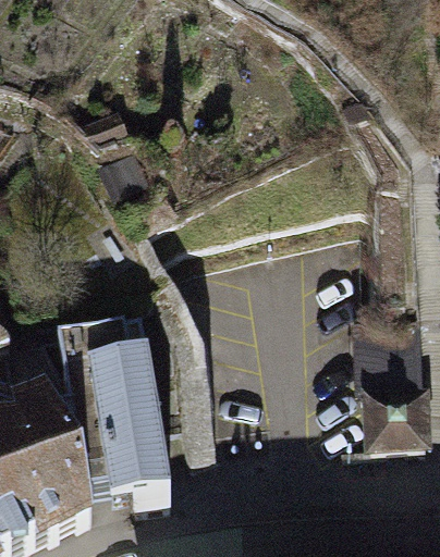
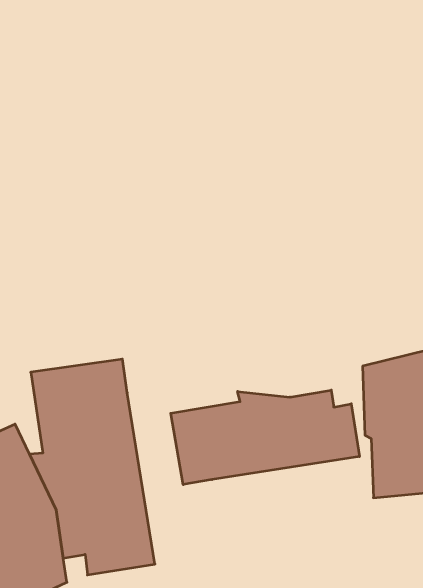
building: none -> [171,390,359,485]

